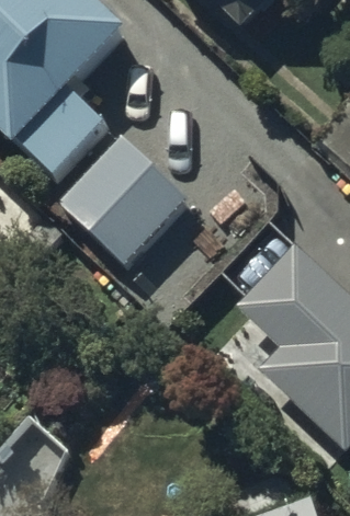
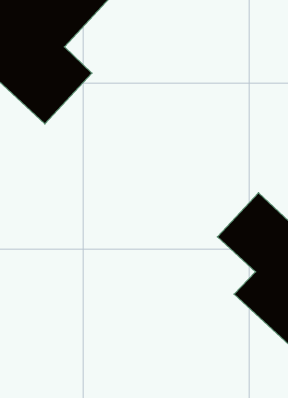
building: [59,136,183,260] -> none

